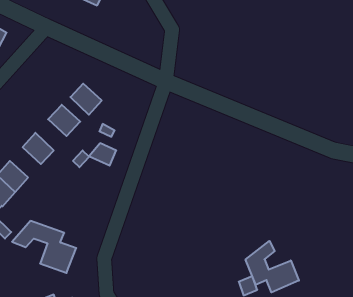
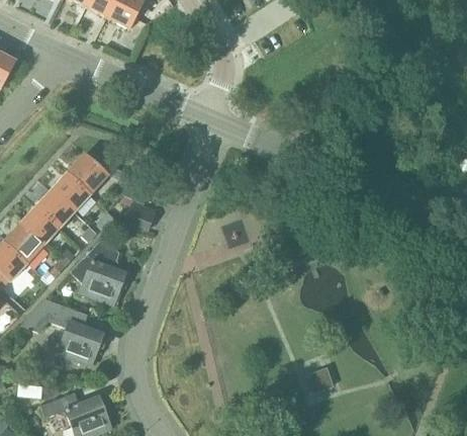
building: [70,84,102,115] -> [52,170,91,209]
building: none -> [19,205,59,244]
building: none -> [71,238,125,303]
building: [246,241,299,292] -> none

